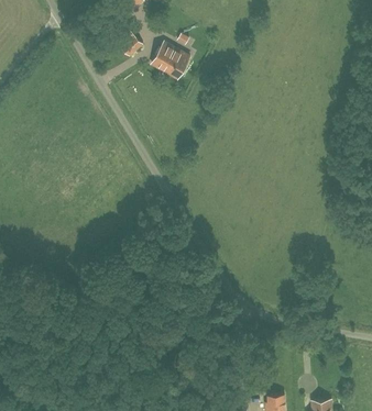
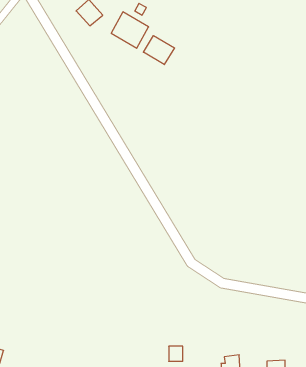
building: none -> [143,36,175,65]

